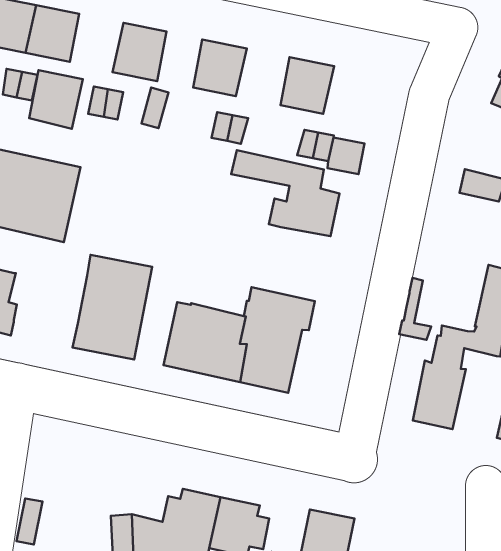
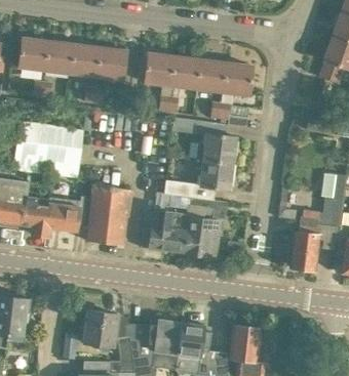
building: none -> [170,56,200,88]
building: none -> [223,62,253,94]
building: [29,70,83,129] -> [71,44,101,77]
building: none -> [164,160,233,200]
building: none -> [46,197,91,232]
building: none -> [84,311,117,351]

